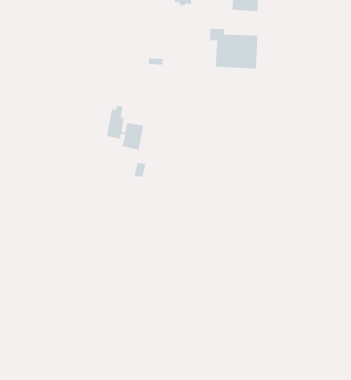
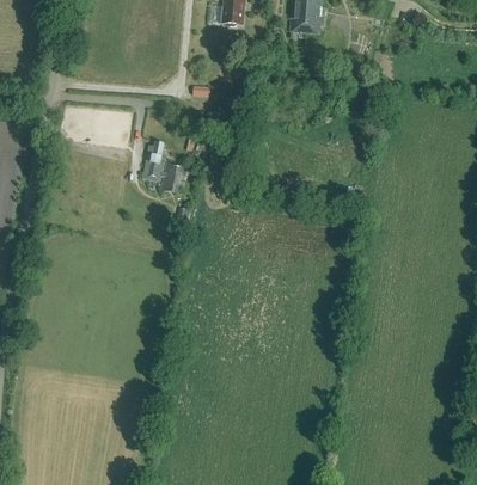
building: [209,28,258,70] -> none

